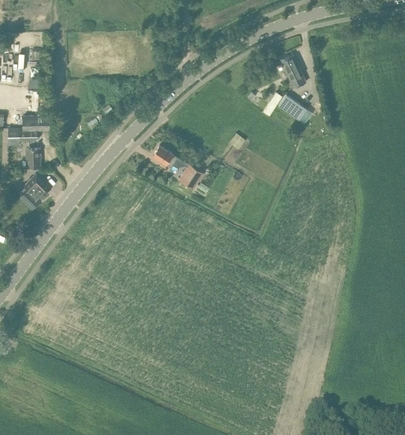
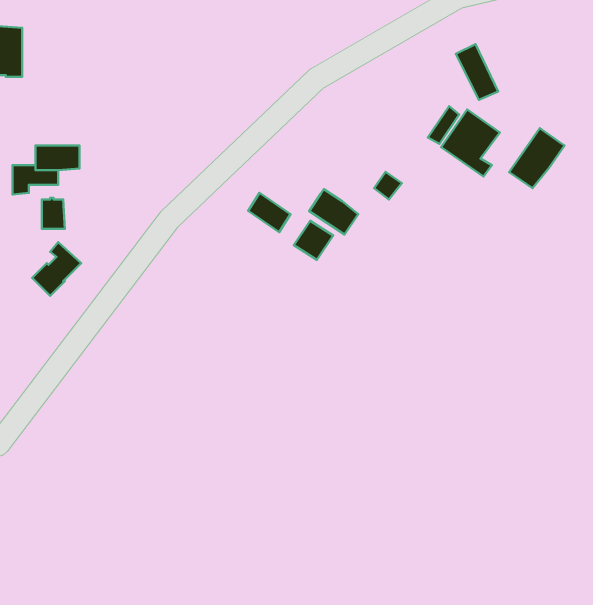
building: none -> [509,128,565,188]
building: none -> [309,189,358,235]

